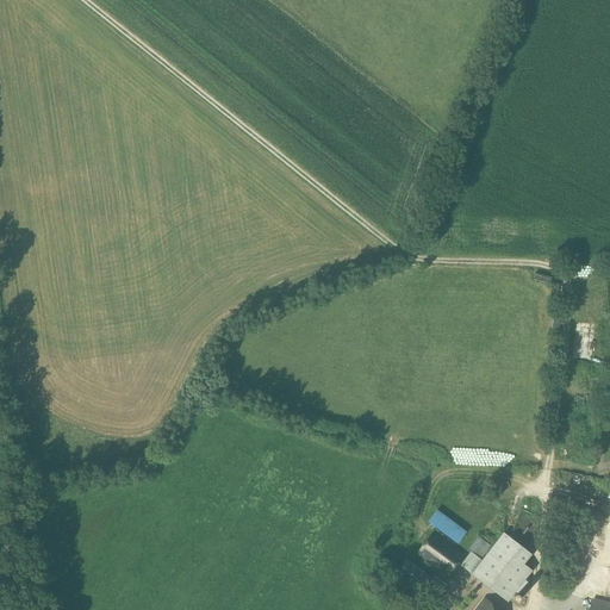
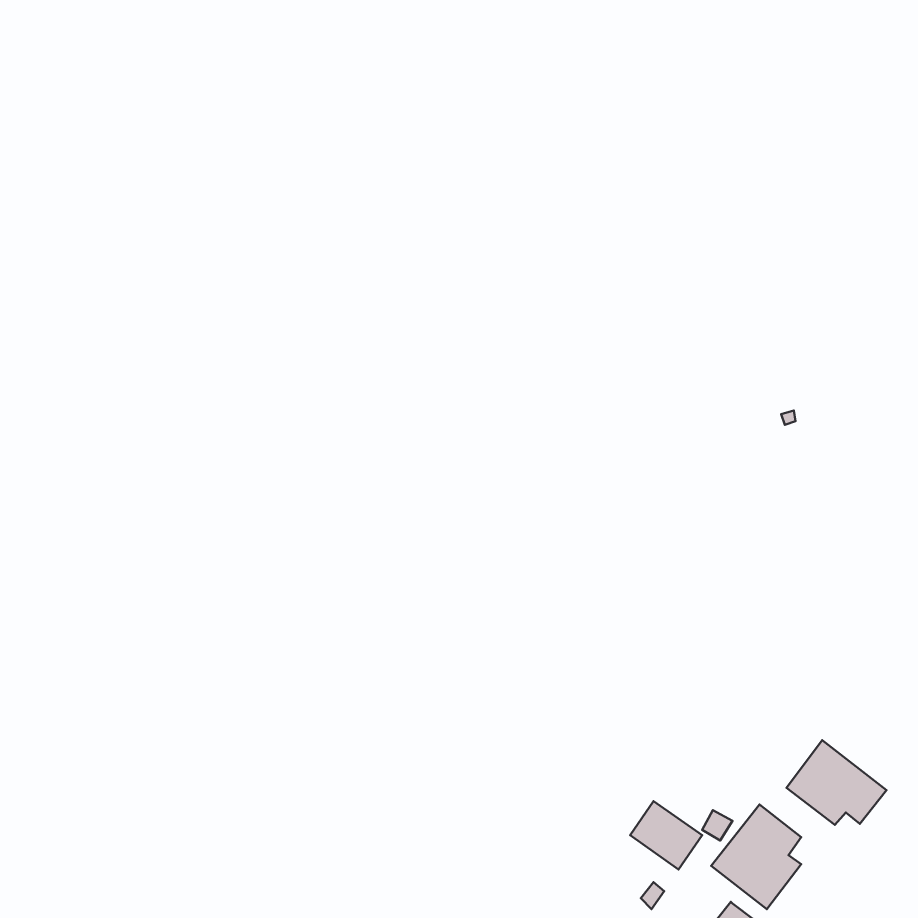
building: none -> [787,740,887,825]

